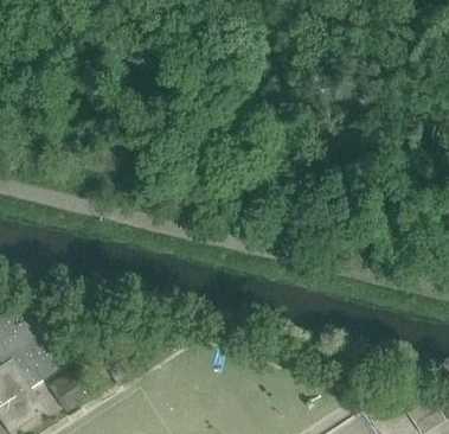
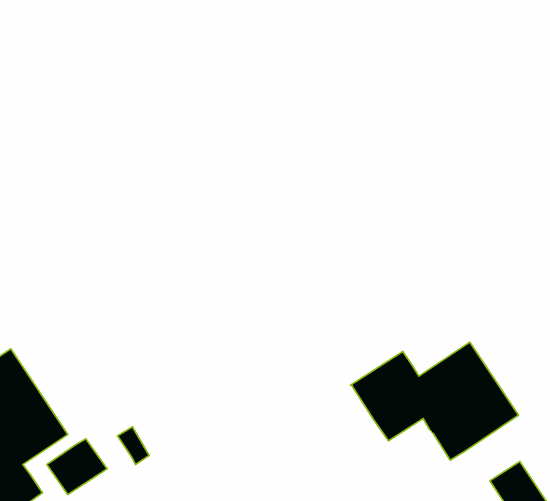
building: none -> [351,342,518,460]

